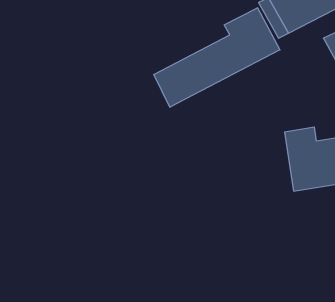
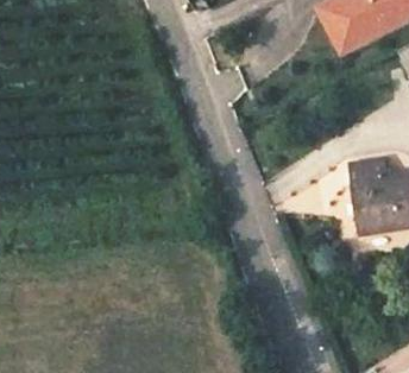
building: [154,8,280,107] -> none

